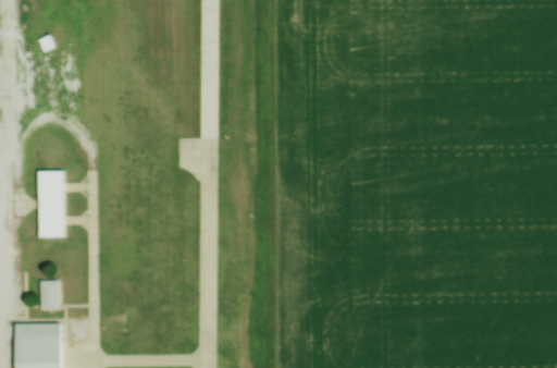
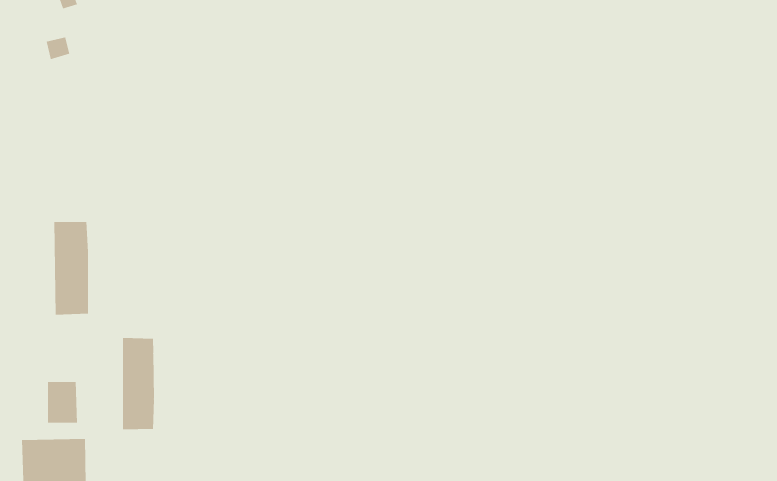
building: none -> [123,337,154,430]

